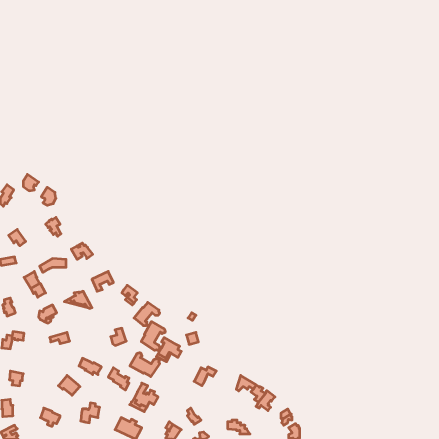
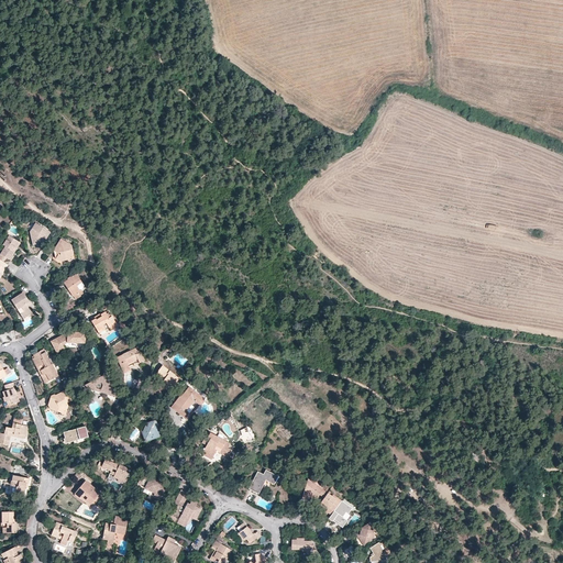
building: [141,322,165,350] -> none
building: [130,353,160,377] -> none

